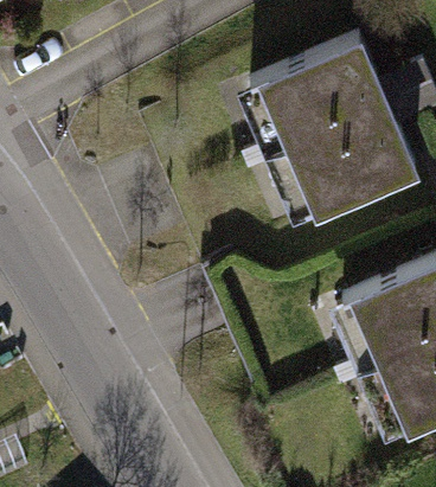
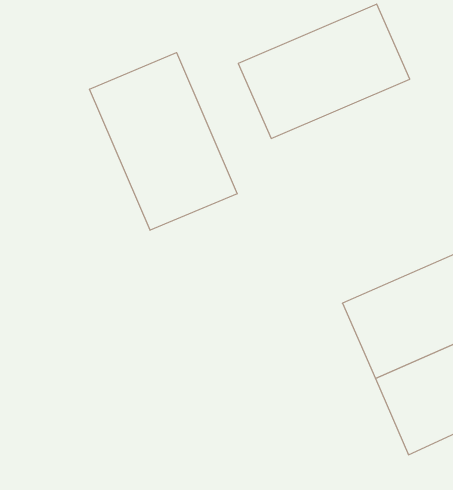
building: none -> [90,53,237,230]
building: [269,95,422,216] -> none

